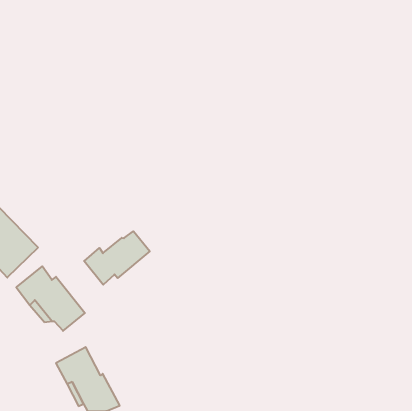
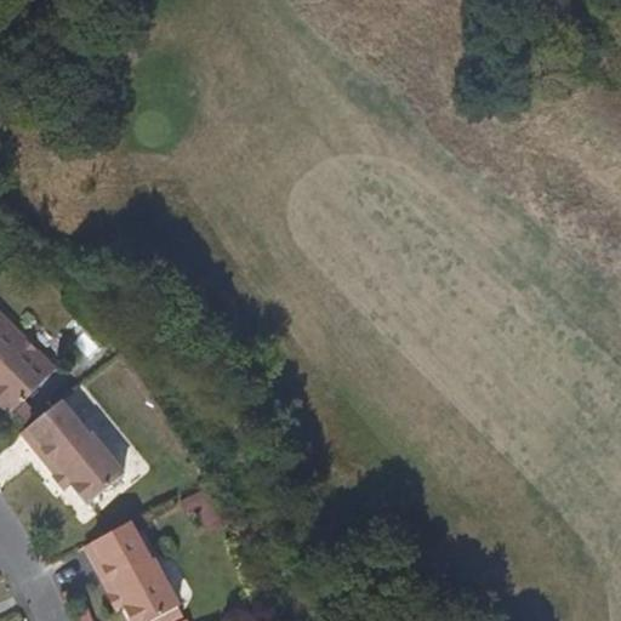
building: [84,231,150,285] -> none

